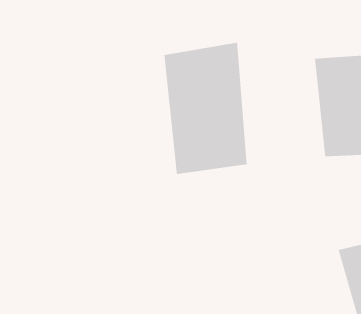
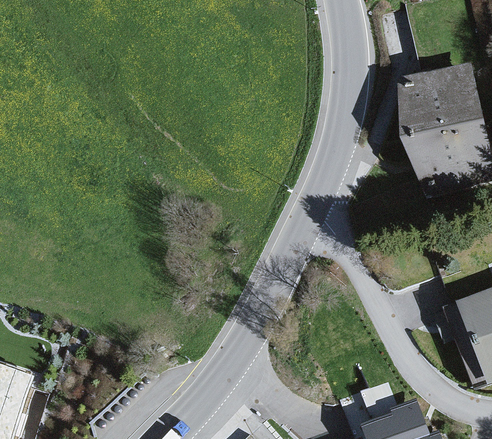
building: [164,42,247,175] -> none

